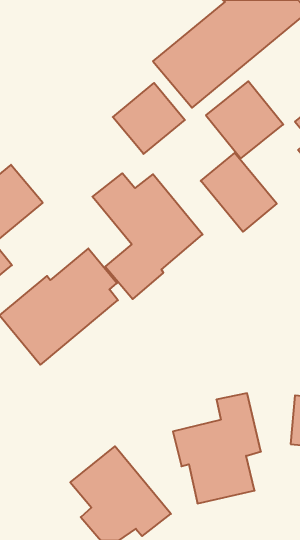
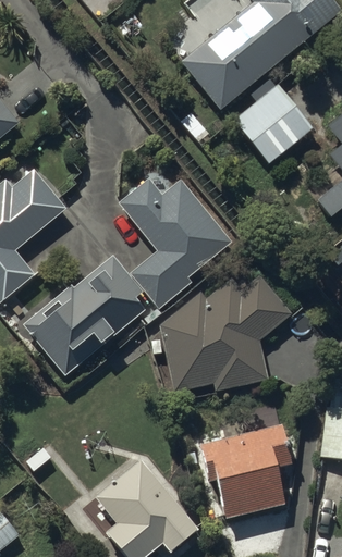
building: [113,83,185,154] -> none
building: [201,153,277,232] -> none
building: none -> [160,274,293,392]

